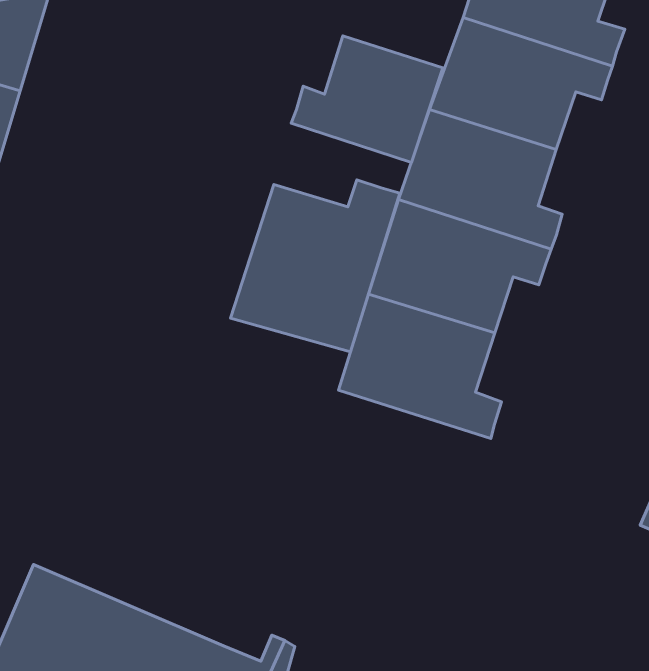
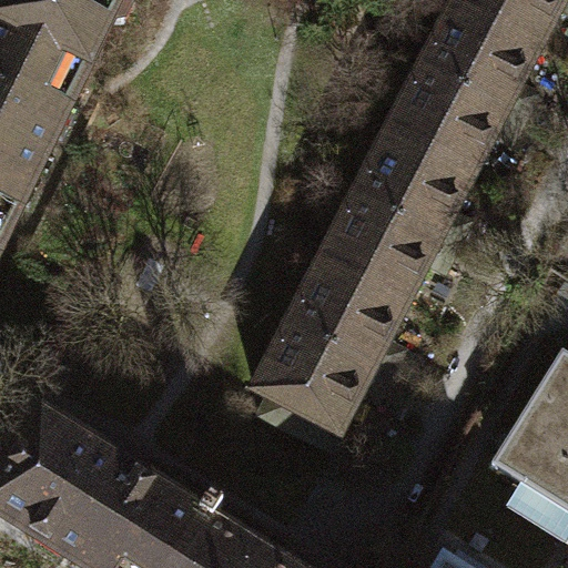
building: [291,36,443,162] -> none
building: [231,180,400,352] -> none
building: none -> [251,325,390,450]

